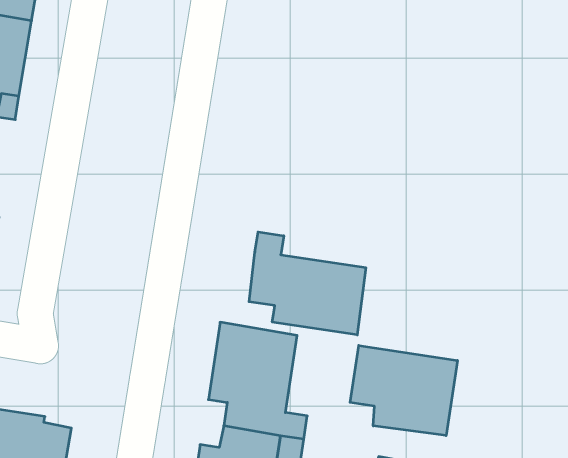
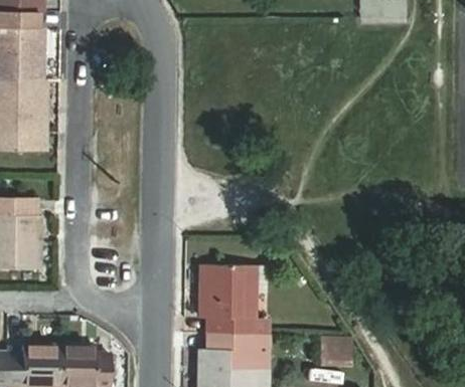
building: [249,232,366,335] -> none
building: [350,345,457,436] -> none

